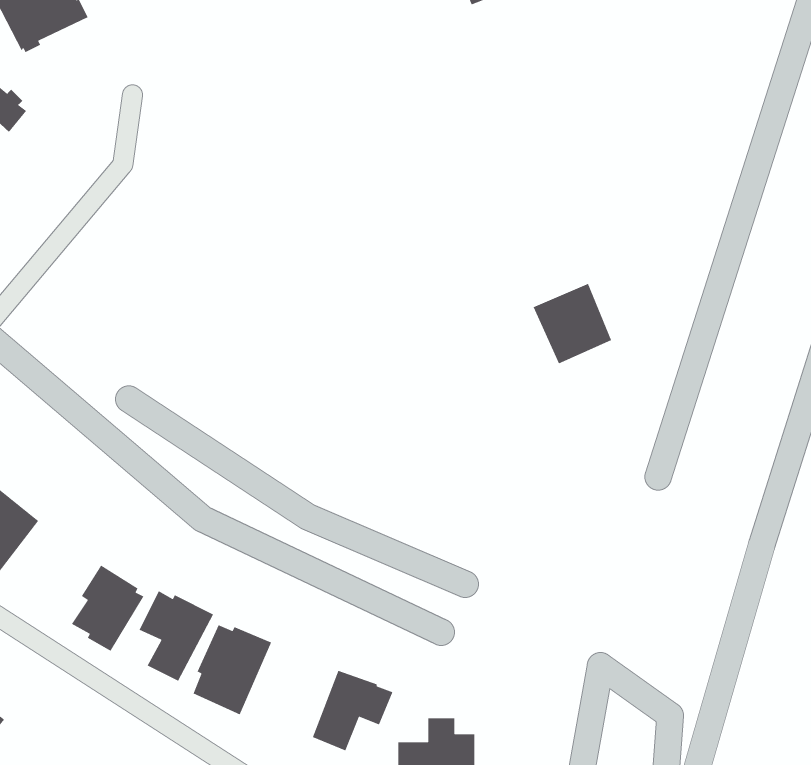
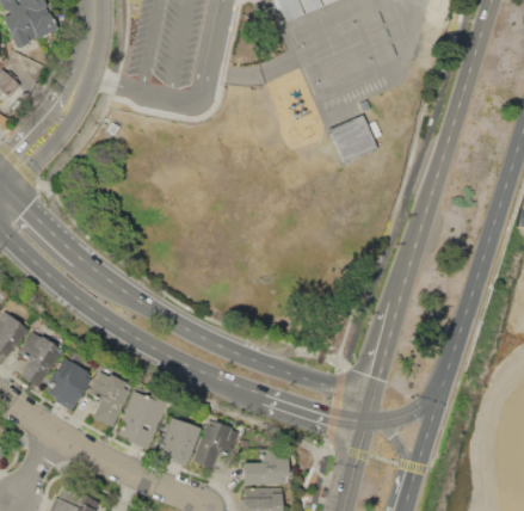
building: [533,283,612,364] -> [329,116,377,165]
building: none -> [18,332,63,388]
building: none -> [158,420,199,466]

